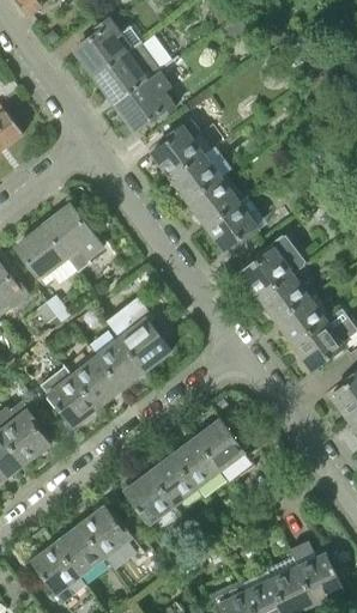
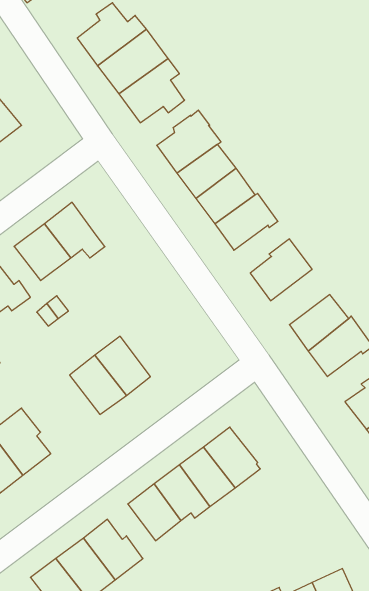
building: [259,269,317,322] -> none
building: [108,311,171,371] -> none
building: [43,366,97,427] -> none

